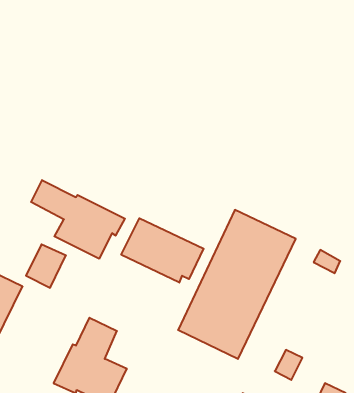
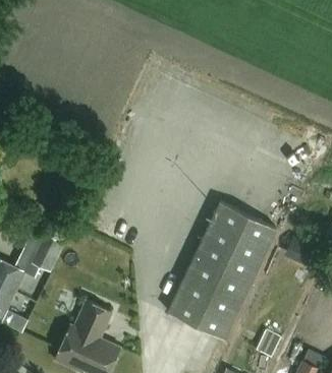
building: [31,180,125,259] -> none
building: [121,218,204,283] -> none

